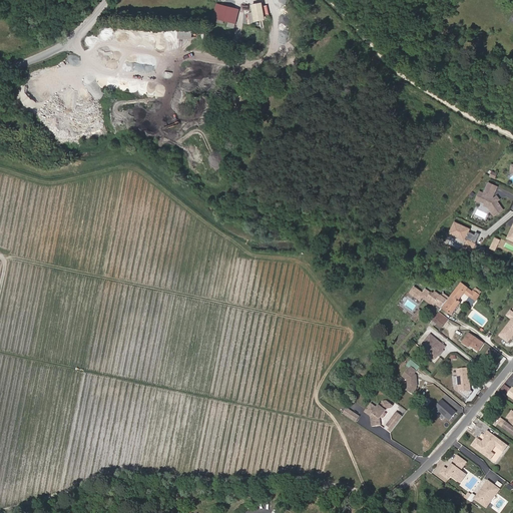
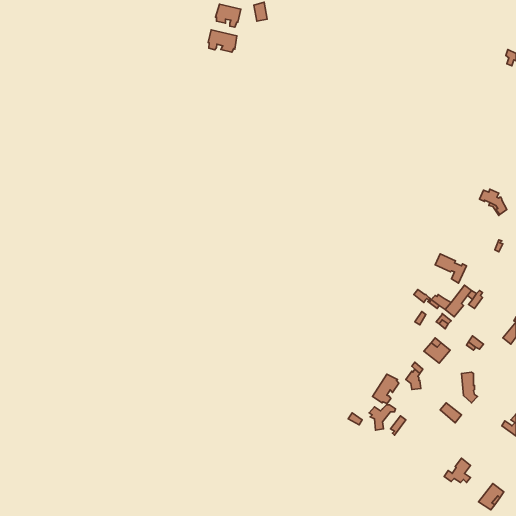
building: none -> [208,30,237,52]
building: [449,221,480,250] -> [435,254,467,283]
building: none -> [372,374,399,404]
building: [471,430,503,457] -> none

